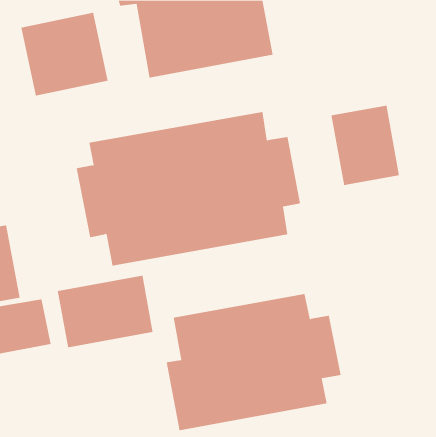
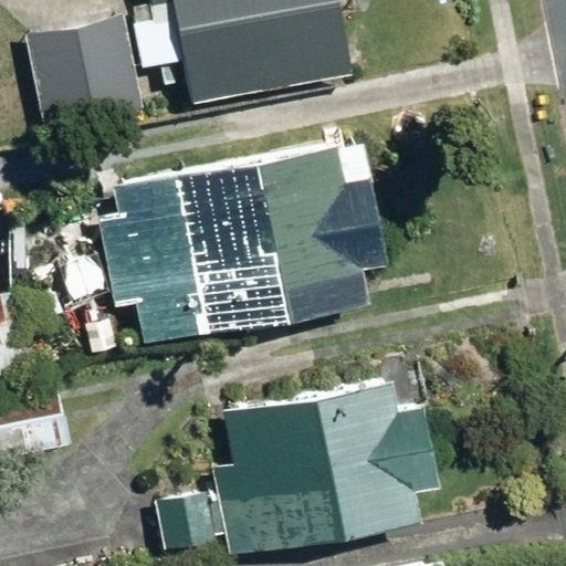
building: [331,105,400,186] -> none
building: [57,275,153,348] -> none

